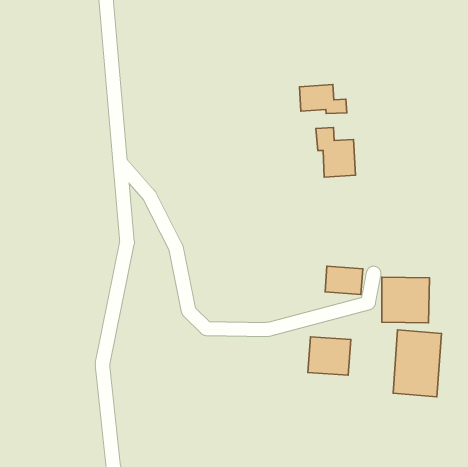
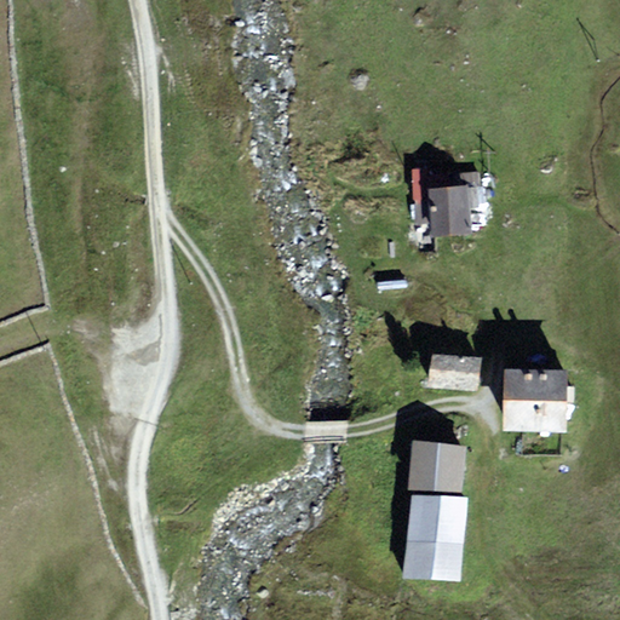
building: [300,84,347,114] -> none
building: [393,330,442,397] -> [403,496,467,585]

